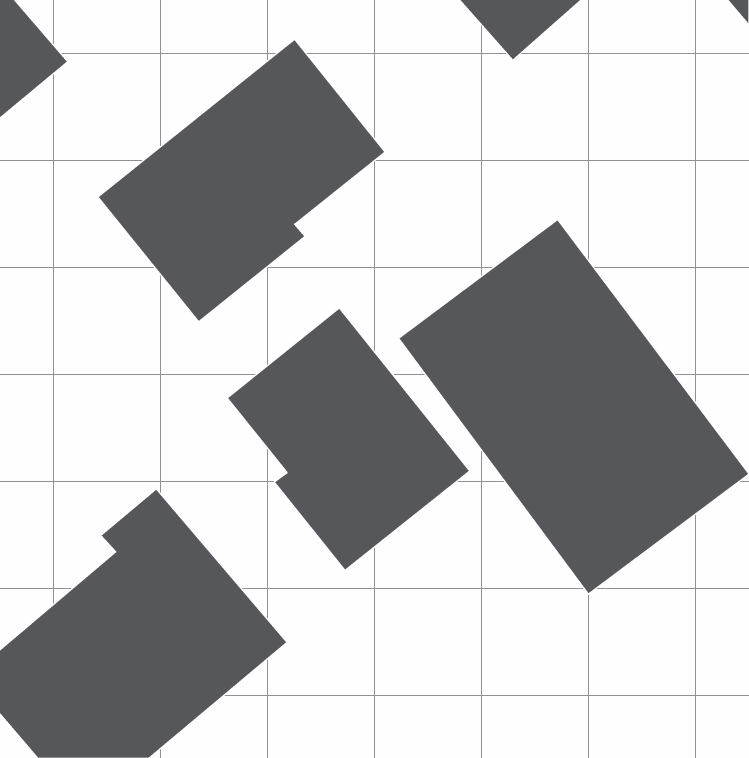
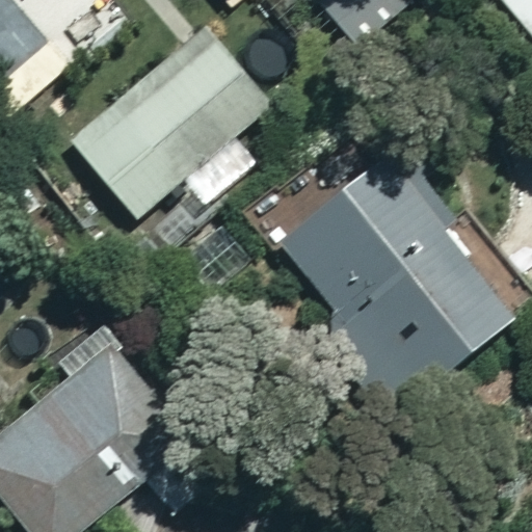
building: [227,308,470,571] -> none

